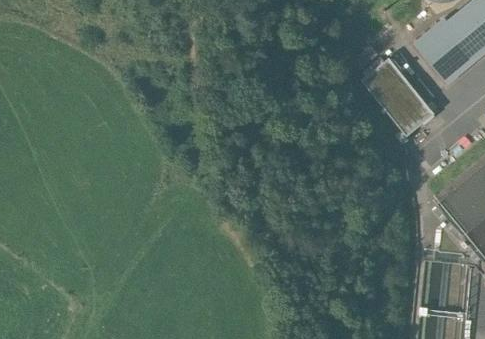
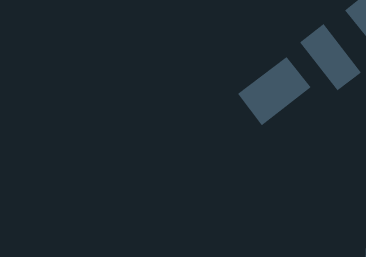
building: none -> [237,56,311,126]

